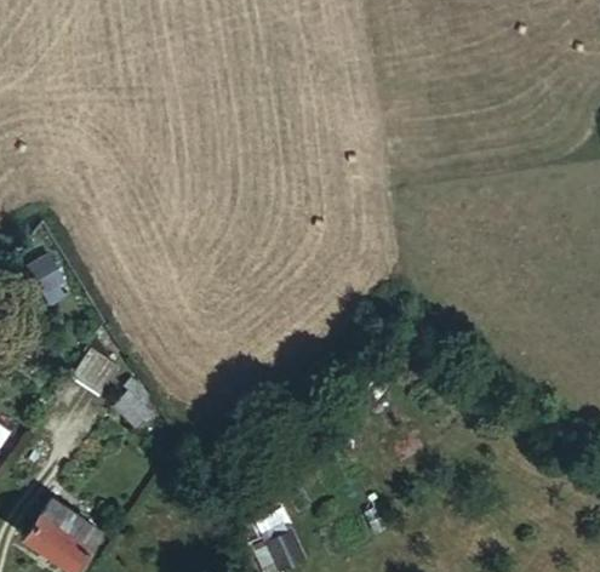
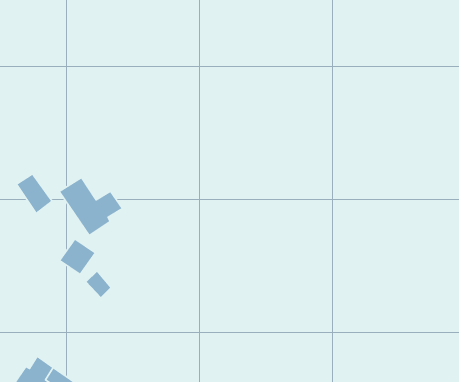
building: none -> [59,177,122,235]

